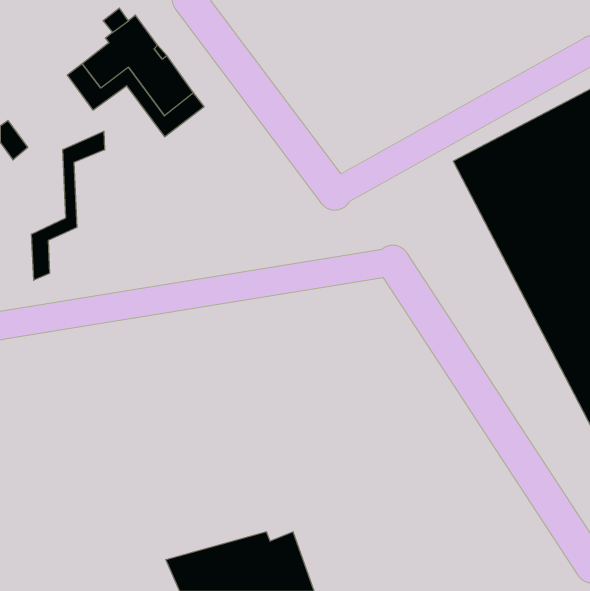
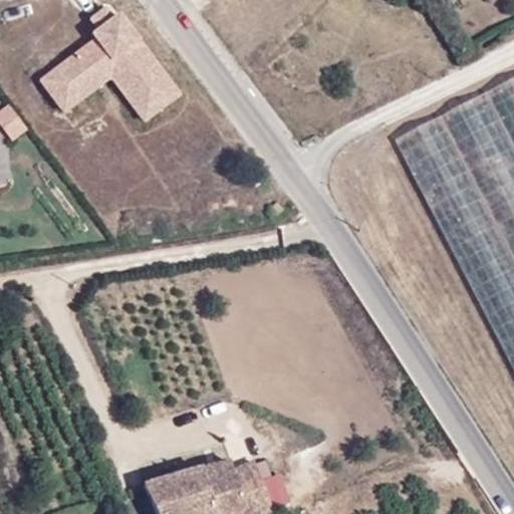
building: none -> [41,65,82,109]
building: [31,131,105,280] -> none

